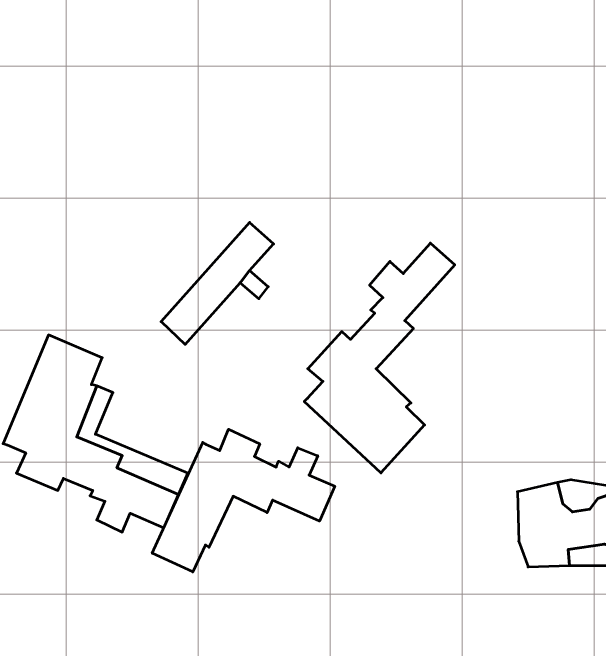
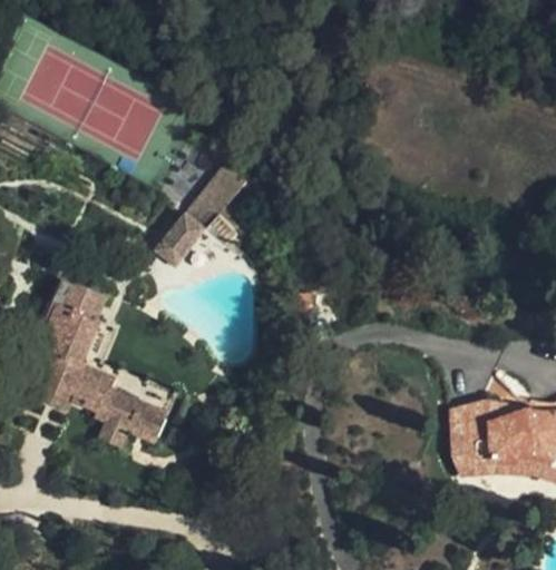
building: [304,243,455,473] -> none
building: [152,429,335,572] -> none

